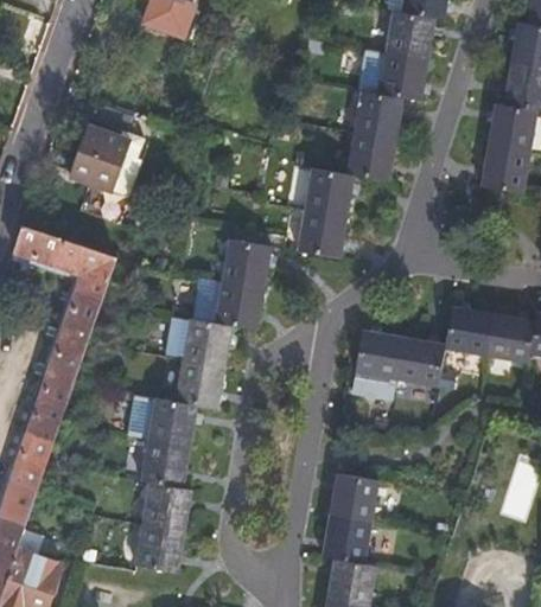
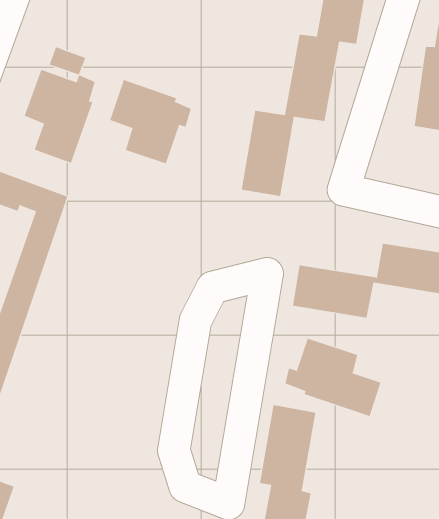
building: none -> [109,79,192,164]
building: [127,239,274,570] -> none
building: none -> [285,338,381,417]

